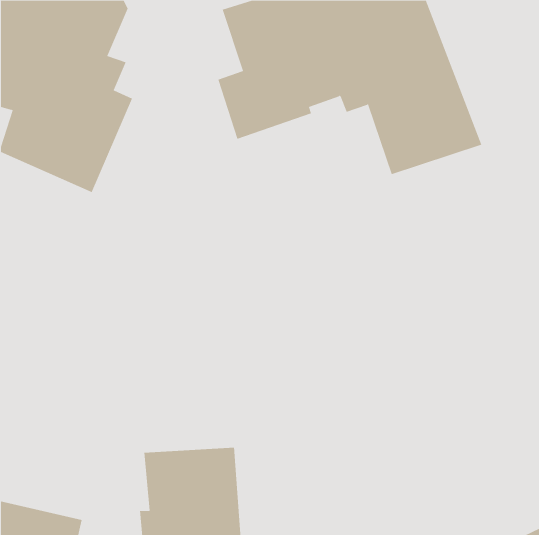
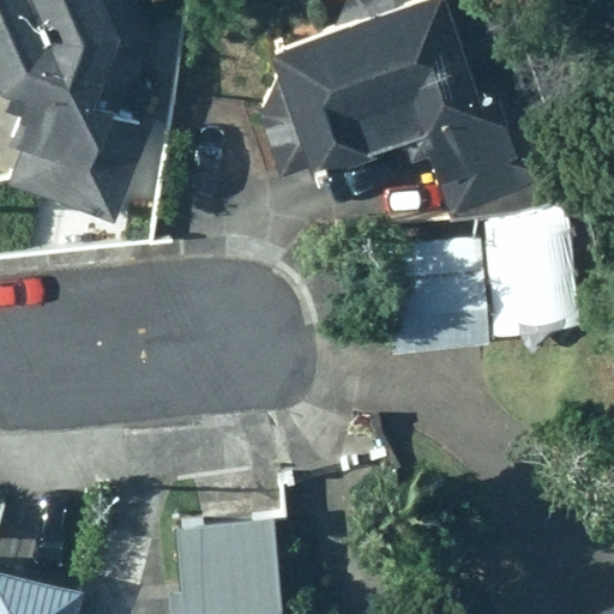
building: none -> [380,225,574,350]

